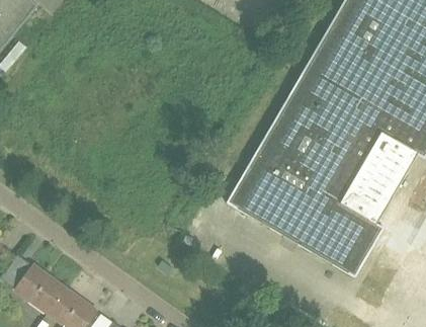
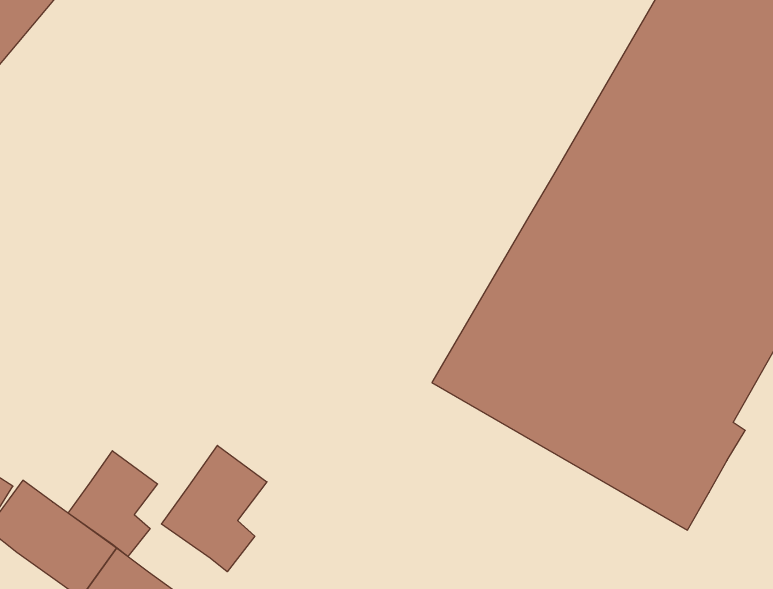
building: none -> [161,445,267,572]
building: none -> [68,451,158,557]

